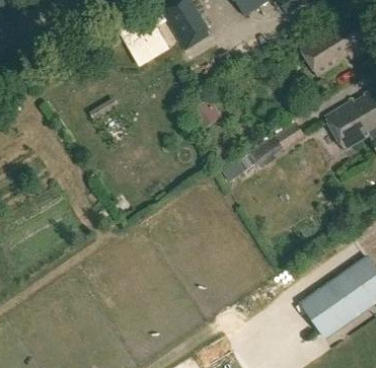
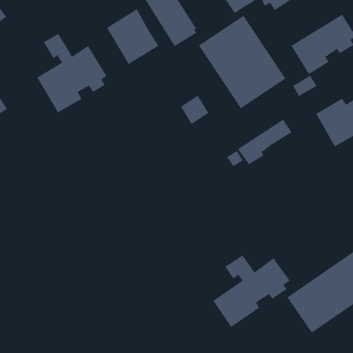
building: none -> [198,15,286,109]
building: none -> [36,33,107,113]
building: none -> [213,254,290,328]

